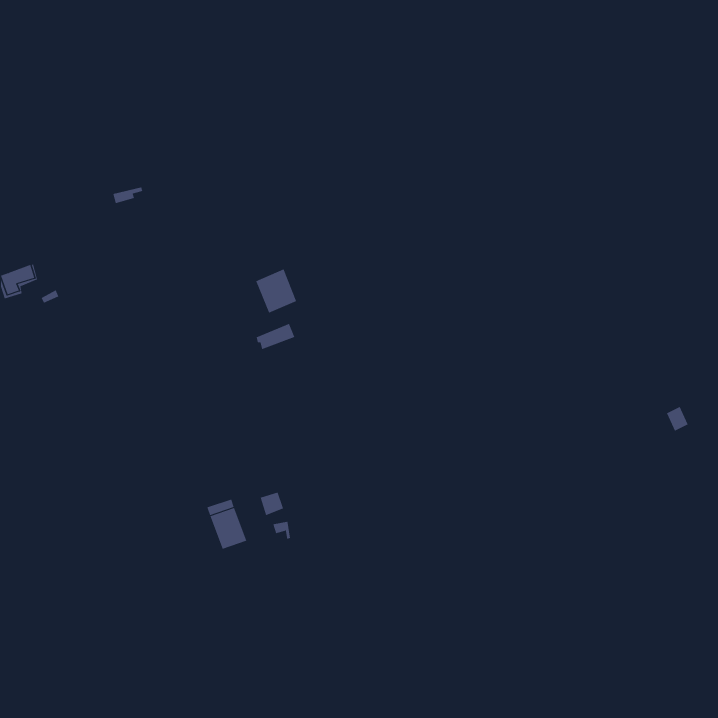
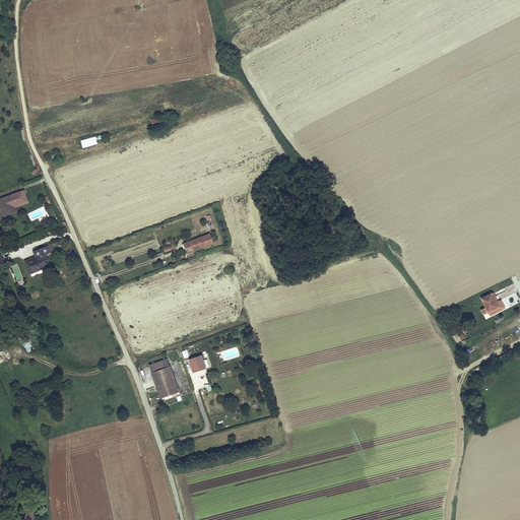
building: [256,269,297,314] -> none
building: none -> [25,243,55,273]

